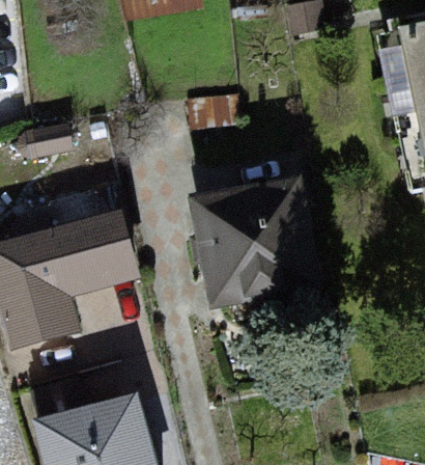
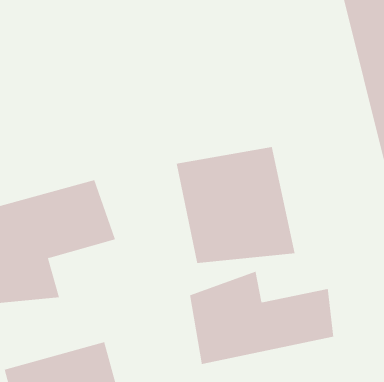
building: none -> [189,271,334,365]

